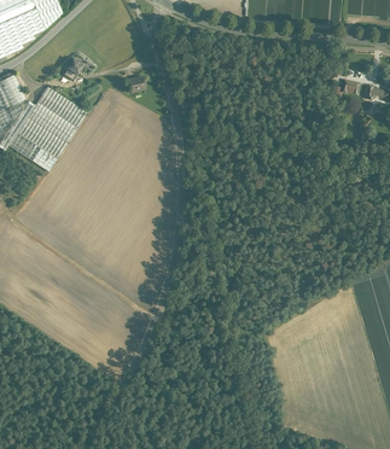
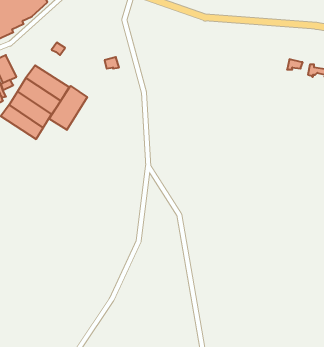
building: none -> [49,86,87,130]

